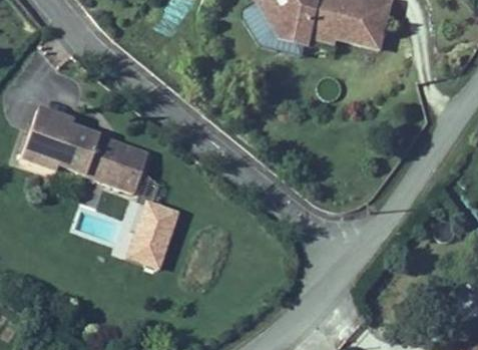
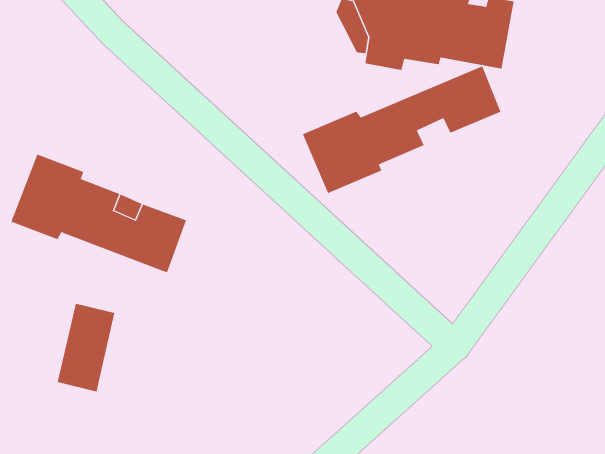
building: none -> [302,65,501,194]
building: [130,189,172,253] -> [57,303,115,392]

